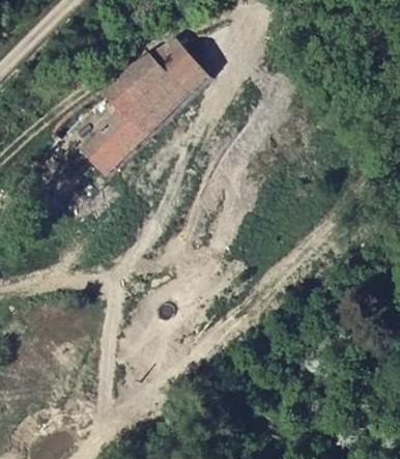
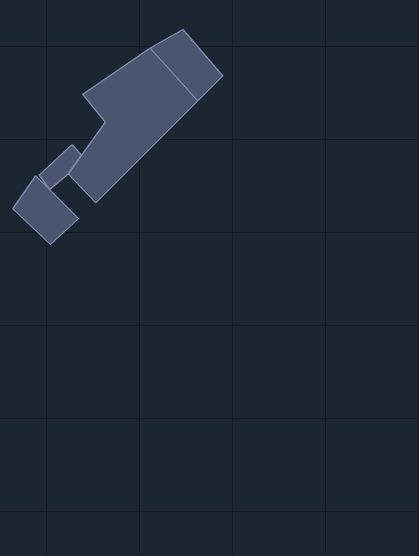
building: none -> [13,176,79,244]

